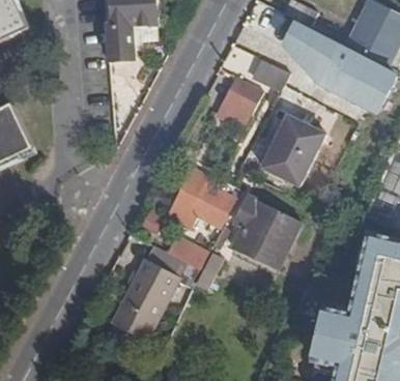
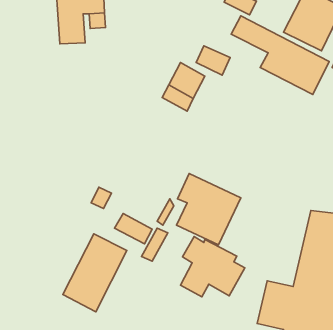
building: [261,116,324,187] -> none
building: [166,166,234,230] -> [181,237,245,297]

